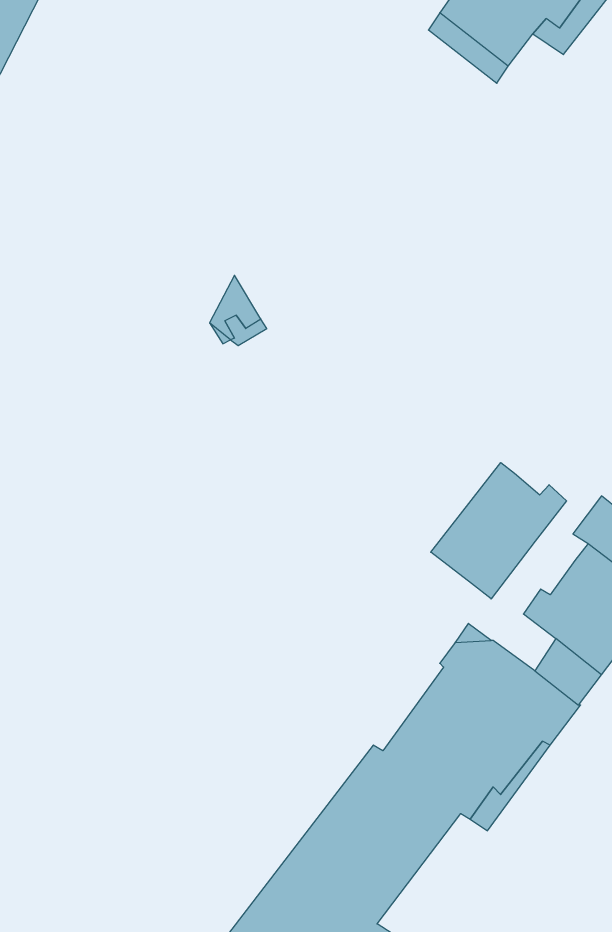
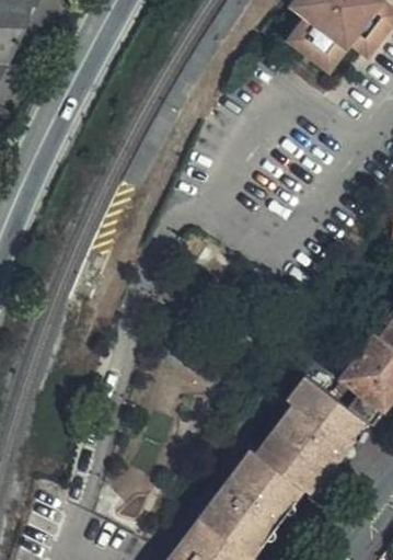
building: [431,463,567,599] -> none

